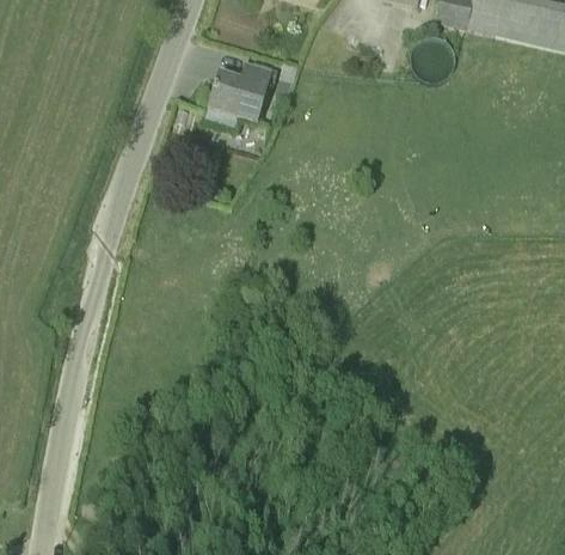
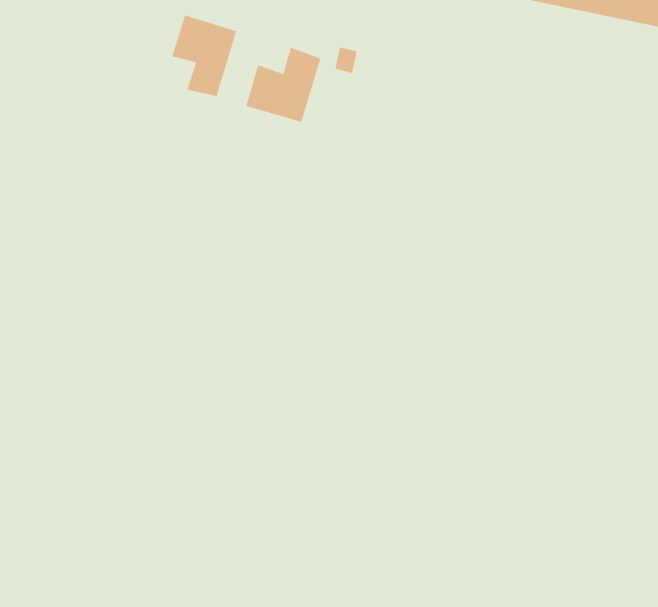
building: none -> [171,14,237,97]

